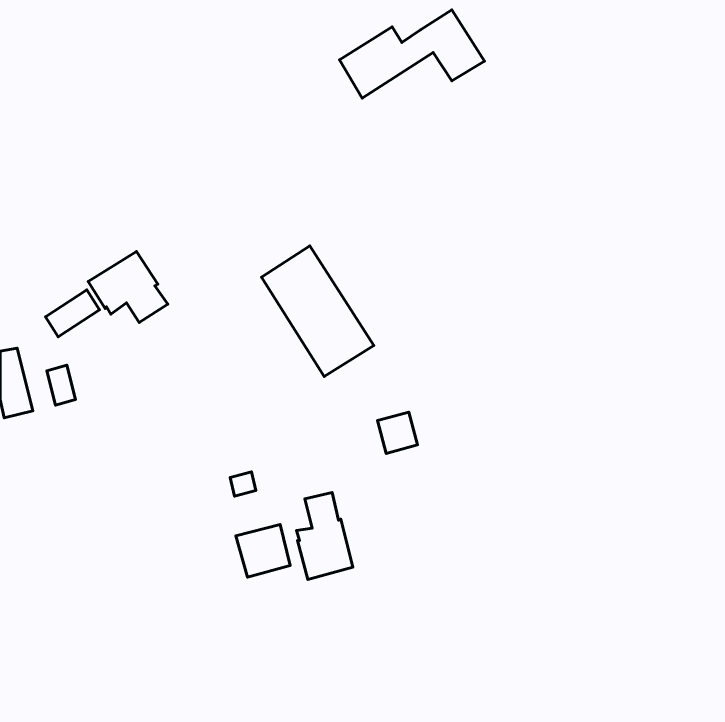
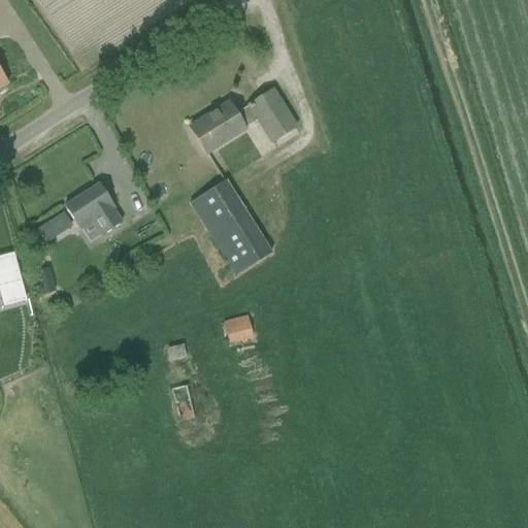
building: [339,10,484,98] -> [191,89,296,153]
building: [378,412,417,453] -> [224,314,253,343]
building: [297,493,353,580] -> none

